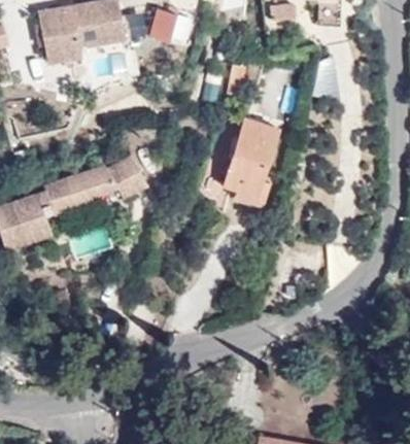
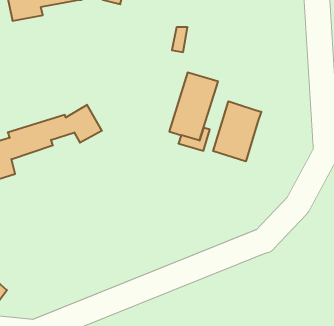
building: none -> [213,101,261,161]

